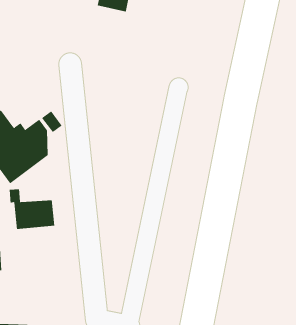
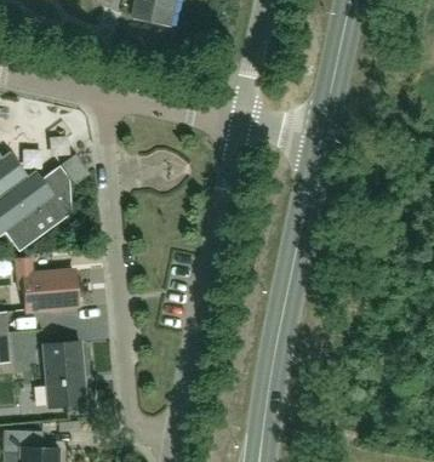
building: none -> [45,341,88,407]

